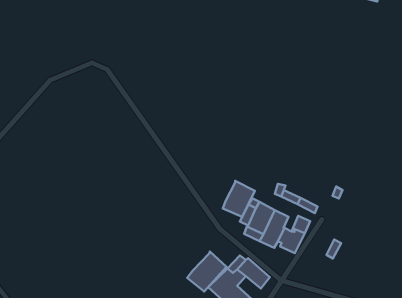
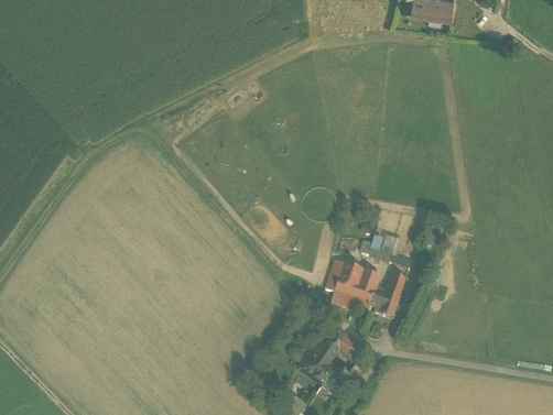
building: [223,181,255,217] -> none
building: [187,251,227,292] -> none

